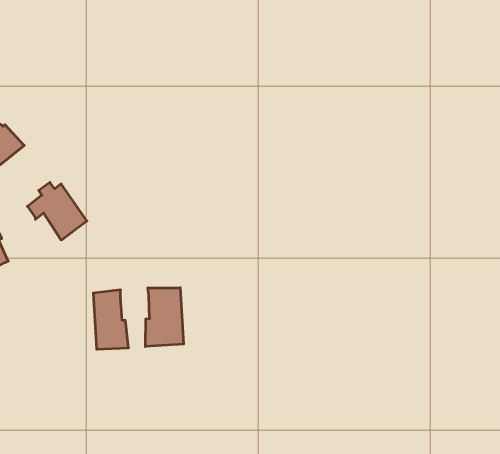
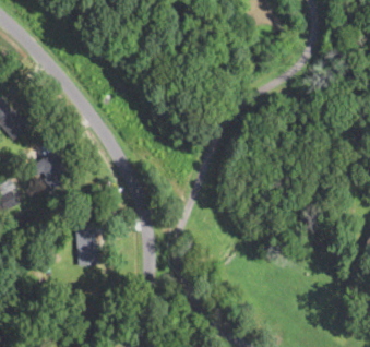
building: [145,288,184,347] -> none

